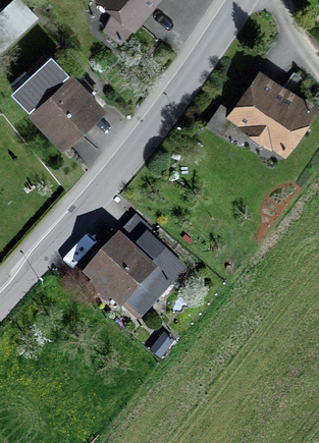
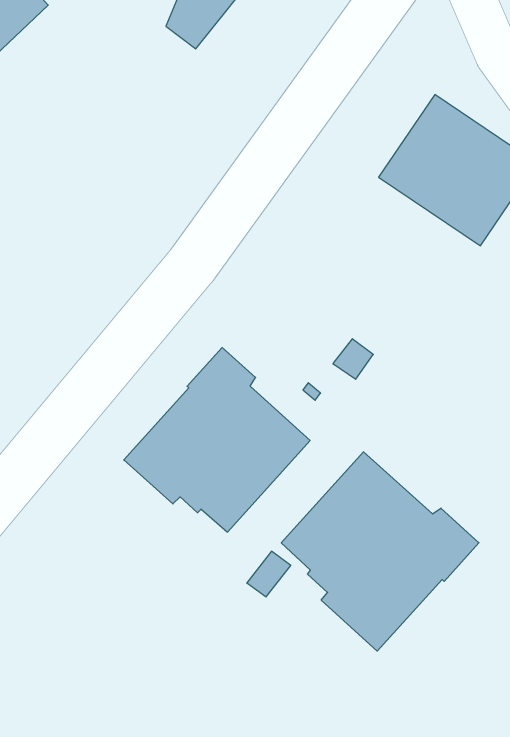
building: [16,55,100,140] -> none
building: none -> [281,452,479,651]

